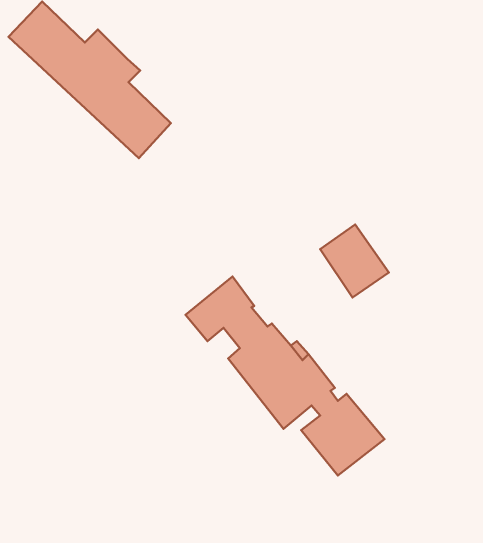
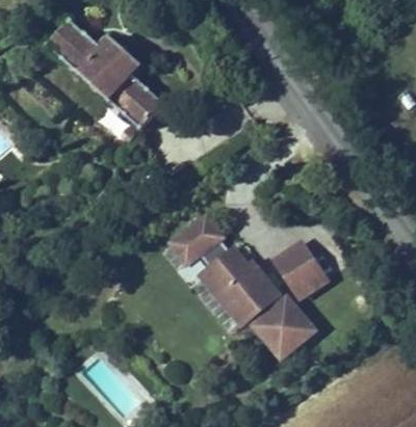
building: [320,224,389,297] -> [277,242,326,294]

